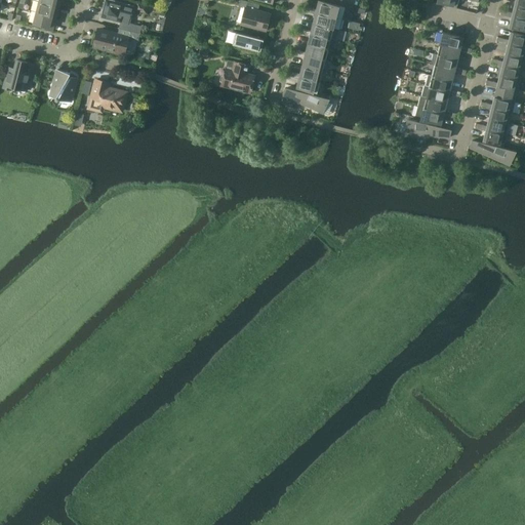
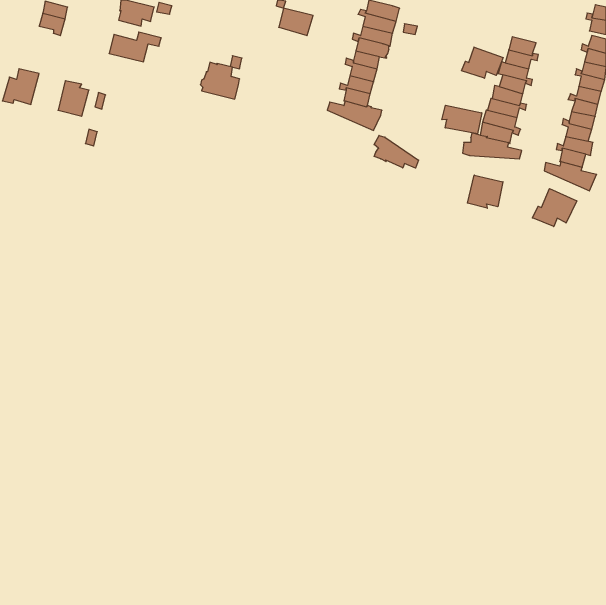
building: [233,33,264,52] -> none
building: none -> [461,47,503,78]
building: [220,62,254,93] -> [200,62,240,99]
building: [90,80,126,112] -> none
building: none -> [442,105,482,134]
building: none -> [374,135,419,168]
building: none -> [467,175,503,208]
building: none -> [532,189,577,227]

